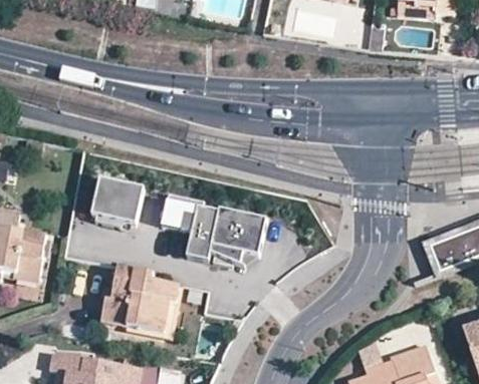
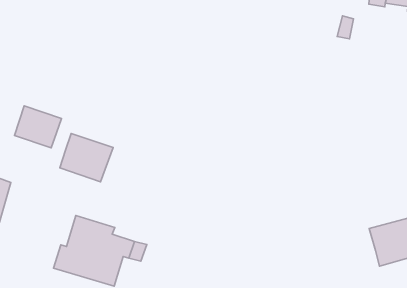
building: none -> [15,106,61,148]
building: [164,195,269,268] -> none

